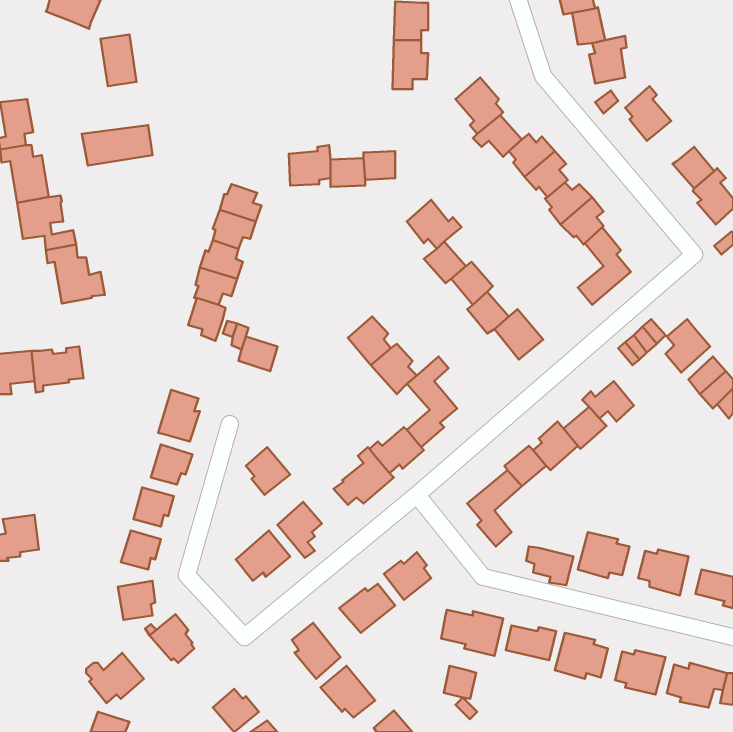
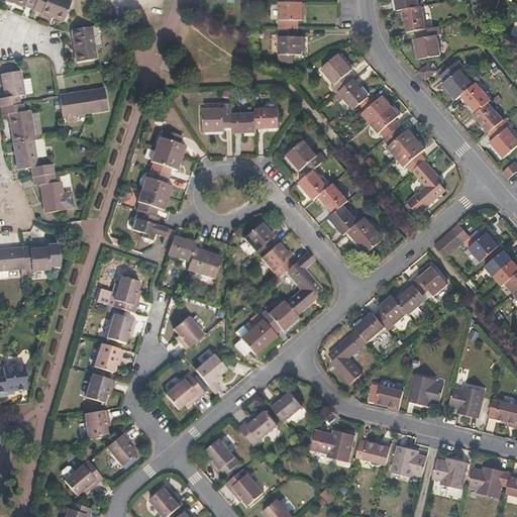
building: none -> [460,83,490,113]
building: none -> [187,247,220,277]
building: [444,666,476,699] -> none

